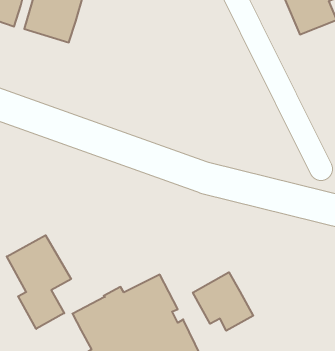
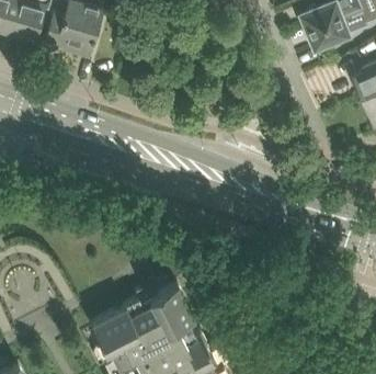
building: [7,235,71,329] -> none
building: [193,272,253,331] -> none

